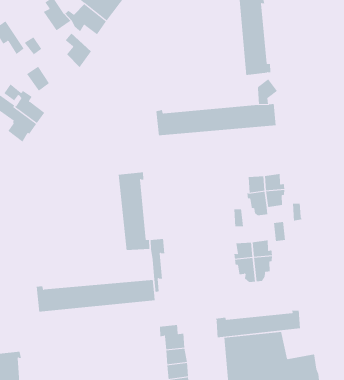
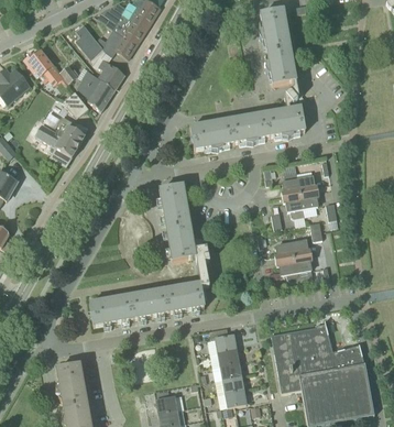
building: none -> [77,69,114,110]
building: [215,310,301,338] -> none

